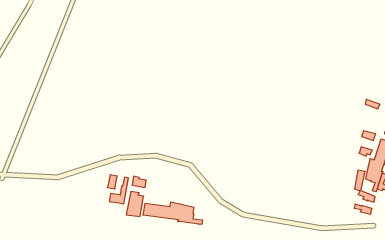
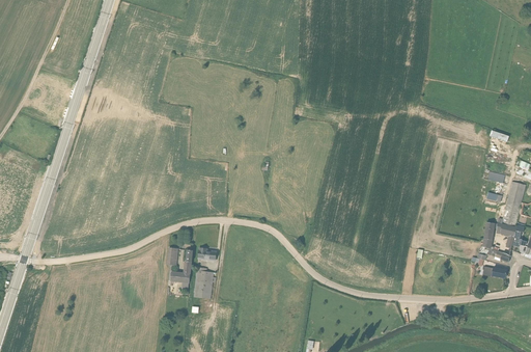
building: [143,202,203,224] -> none

